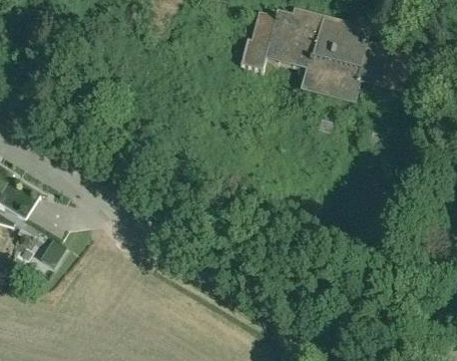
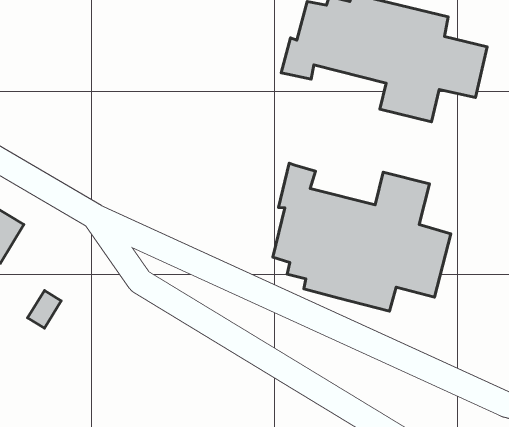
building: none -> [273,163,451,311]

